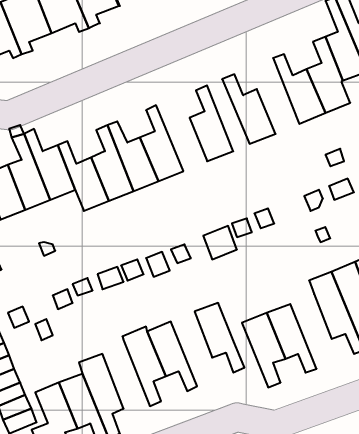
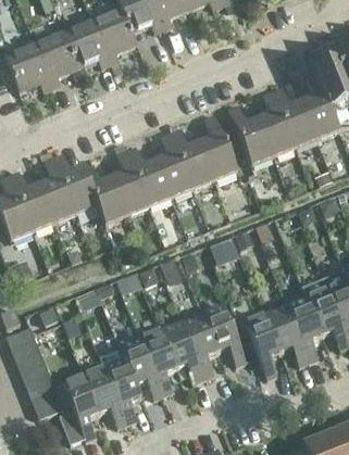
building: none -> [257,90,294,156]
building: none -> [169,128,213,189]
building: none -> [286,296,322,362]
building: none -> [182,312,217,377]
building: none -> [120,337,163,397]

